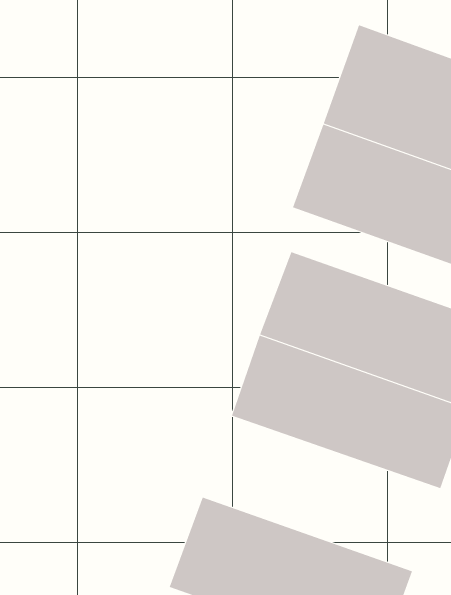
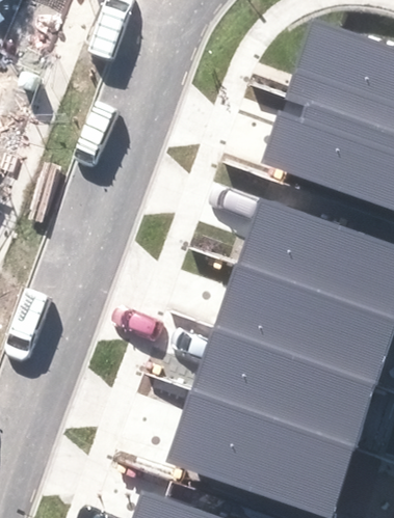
building: none -> [192,327,379,448]

